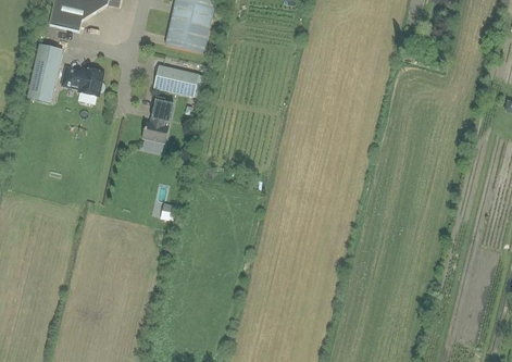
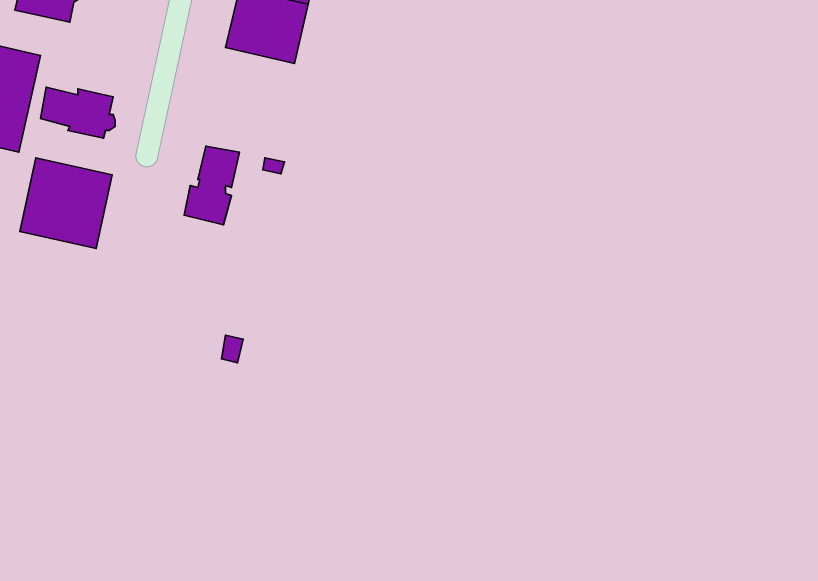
building: [154,64,208,98] -> none
building: none -> [20,158,112,249]

